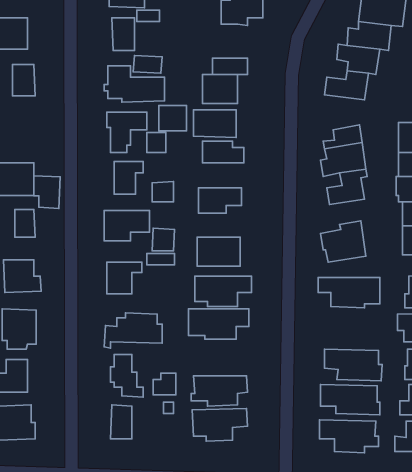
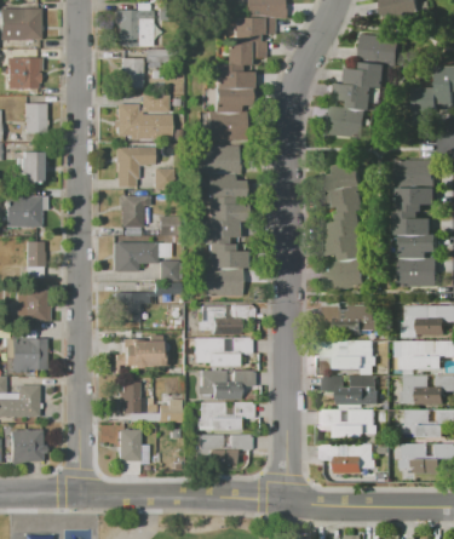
building: none -> [215,63,247,87]
building: [159,106,186,131] -> [207,196,234,220]
building: [34,176,60,208] -> [18,150,44,182]
building: none -> [320,231,363,258]
building: none -> [208,245,252,268]
building: none -> [315,340,377,369]
building: none -> [197,369,254,398]

